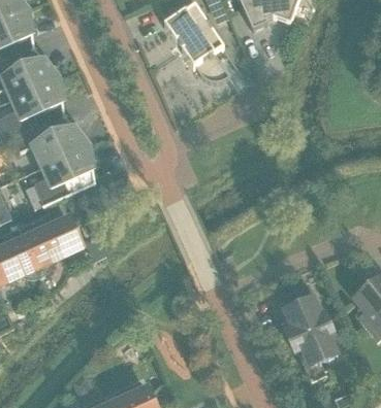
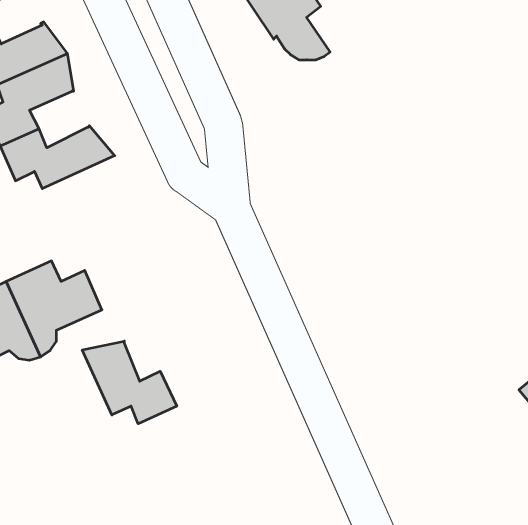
building: [34,143,93,206] -> none
building: none -> [82,341,177,424]
building: [284,284,338,365] -> none

